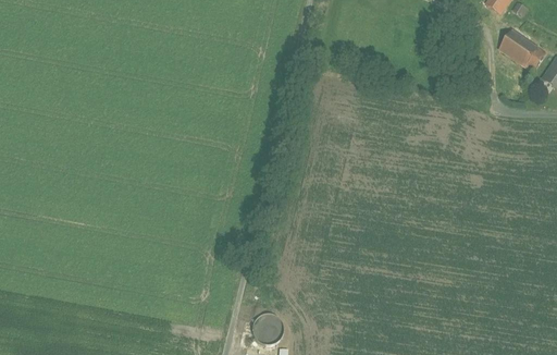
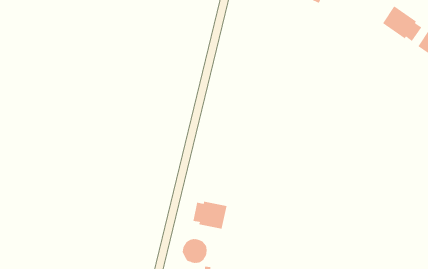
building: none -> [193,201,227,230]

